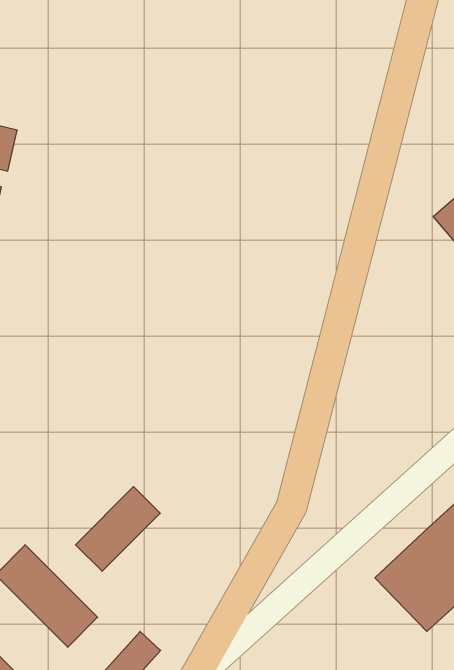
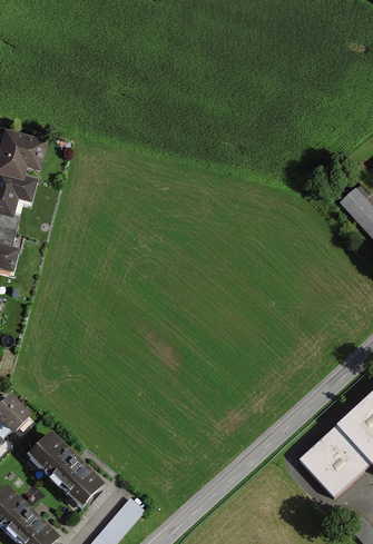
building: [76,487,160,571] -> none

